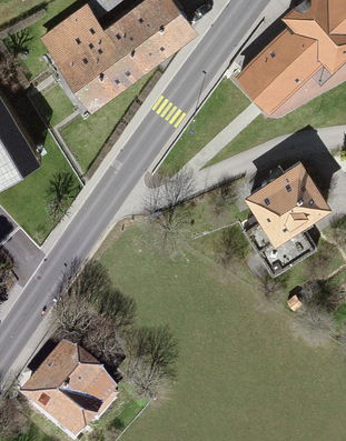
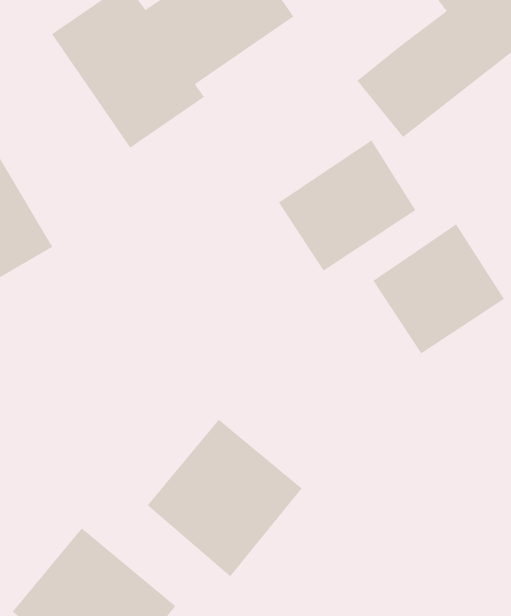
building: none -> [278,140,416,271]
building: none -> [147,419,302,577]

